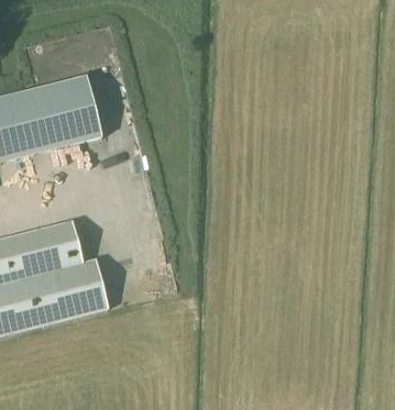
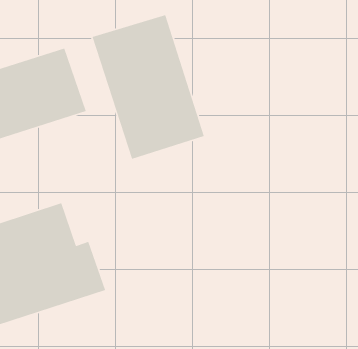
building: none -> [92,14,205,160]

